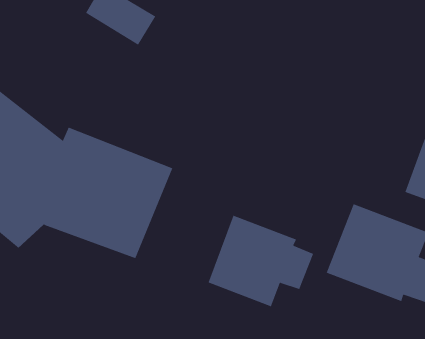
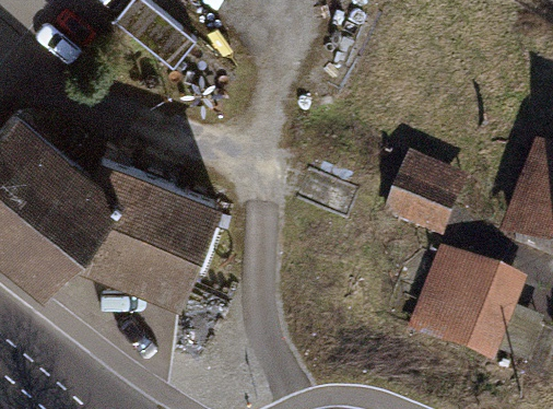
building: none -> [380,153,466,241]
building: [208,215,314,307] -> none

